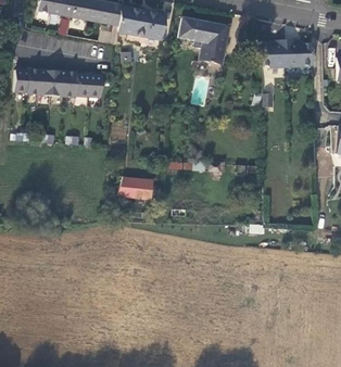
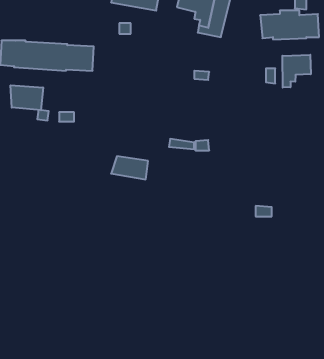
building: none -> [282,55,311,88]
building: none -> [11,85,43,110]

